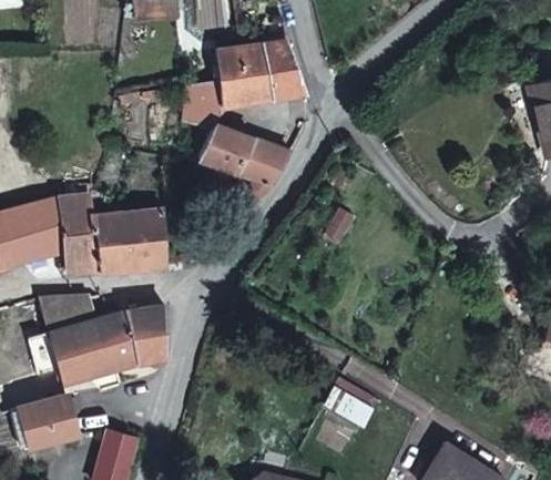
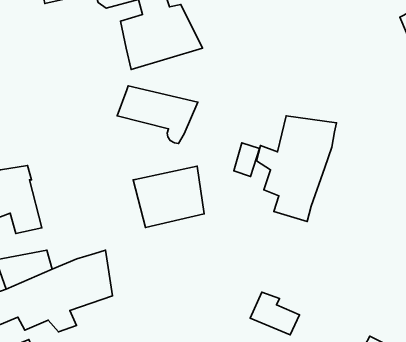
building: [181,82,221,129] -> none
building: none -> [257,116,336,221]
building: [91,210,165,270] -> [133,166,204,228]

